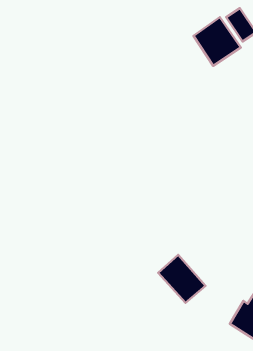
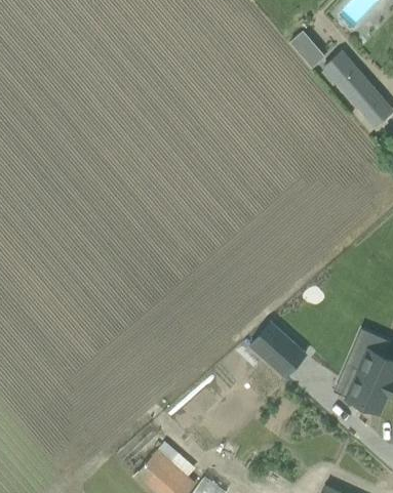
building: [193,17,241,66] -> none

